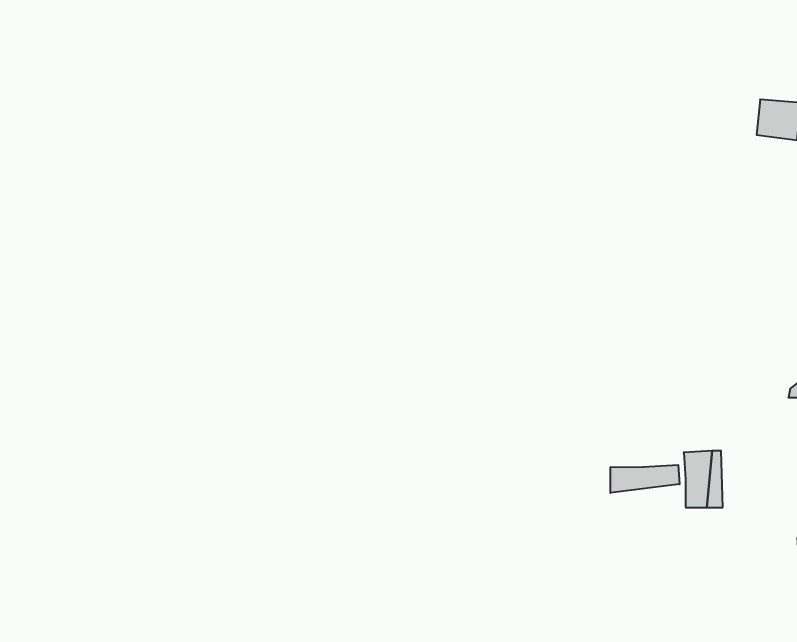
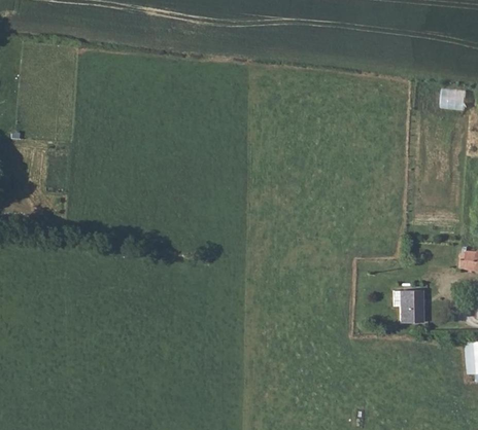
building: [610,465,680,493] -> none

